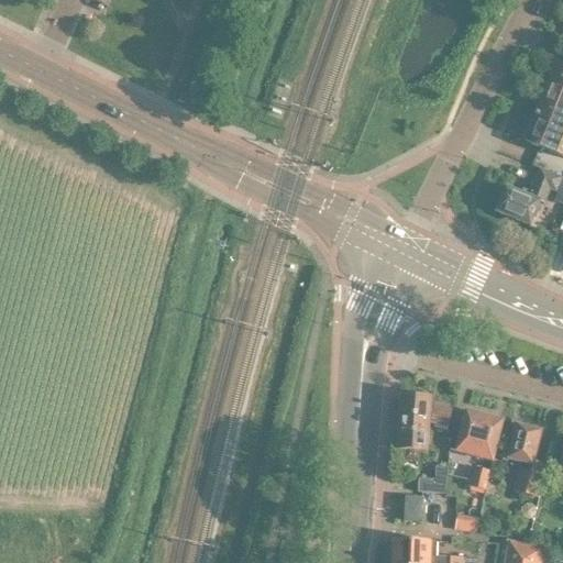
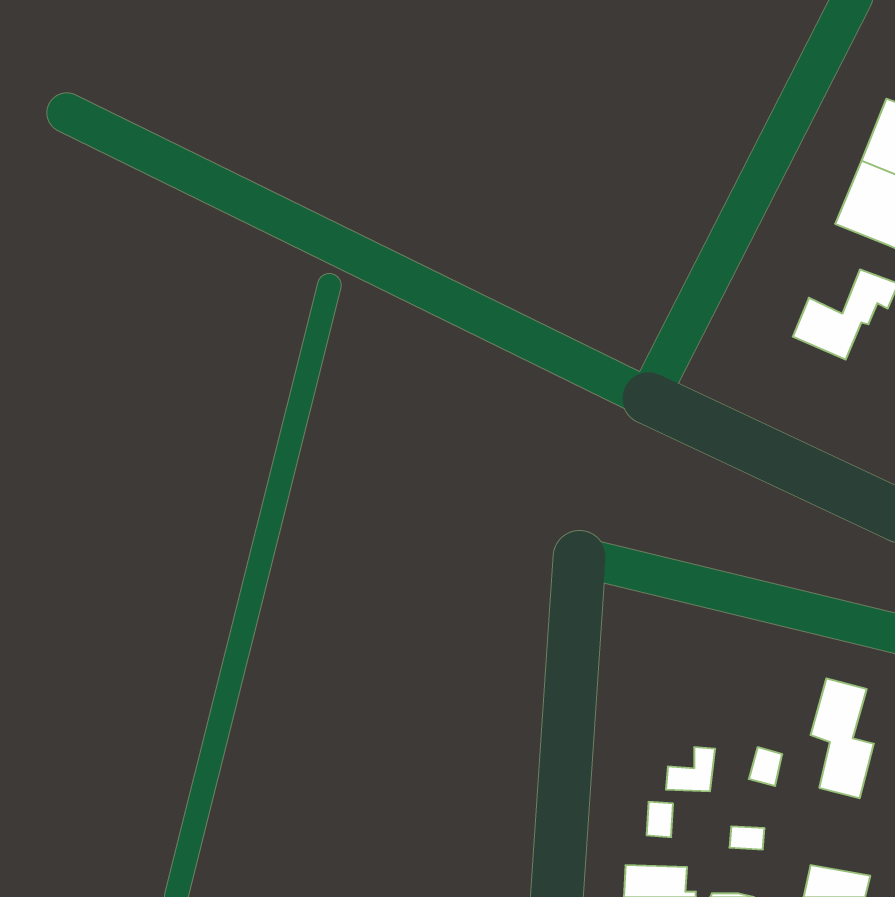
building: [399,396,454,460] -> none
building: [456,410,504,460] -> none

